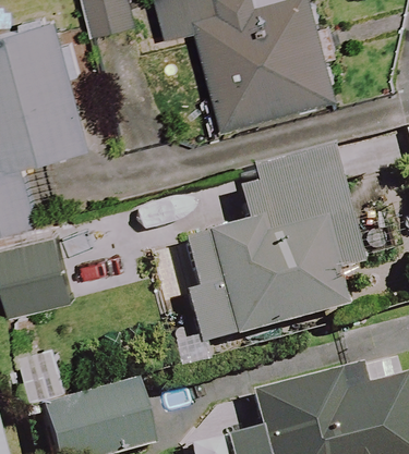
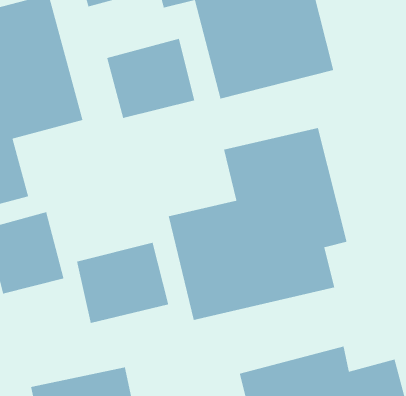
building: none -> [106,38,195,119]
building: none -> [76,242,169,324]

